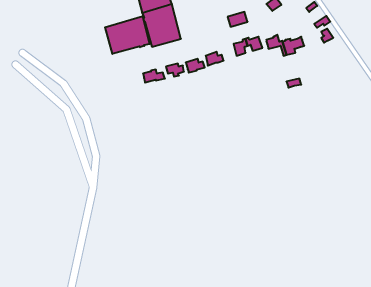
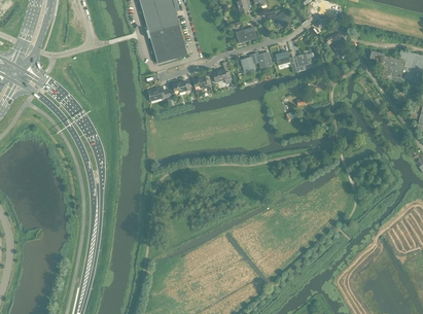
building: [105,16,150,54] -> none

